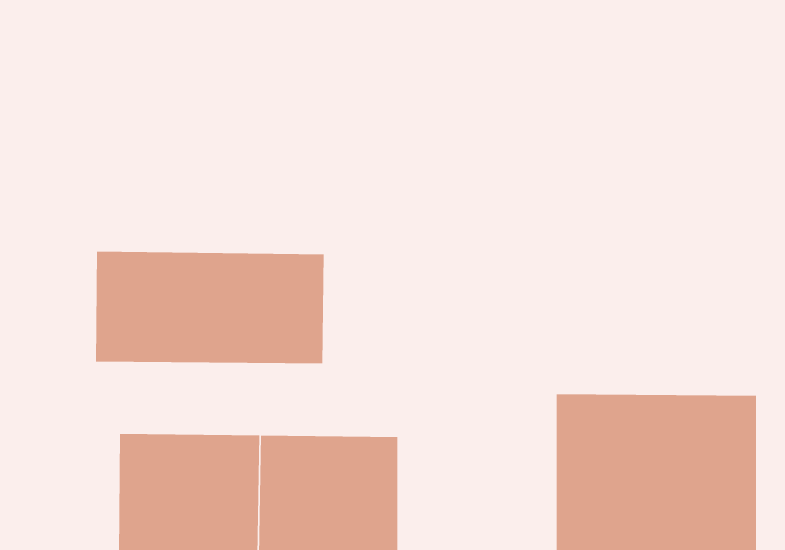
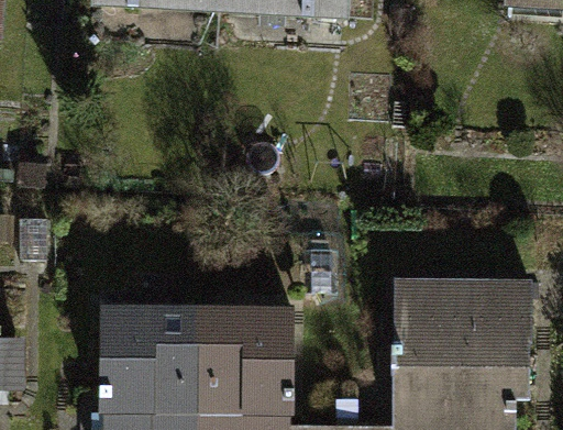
building: [95,251,324,364] -> none

